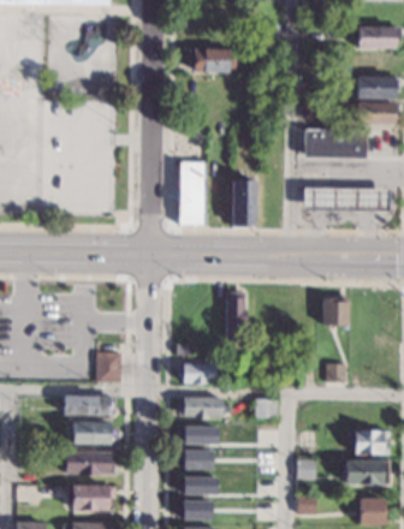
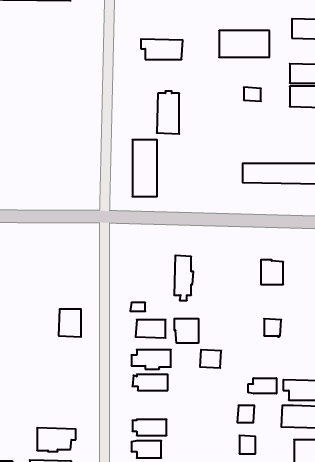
building: [310,132,367,162] -> [219,31,269,57]
building: [232,177,257,225] -> [157,91,179,134]
building: none -> [174,319,198,343]
building: [65,394,115,414] -> none
building: [73,421,119,444] -> none
building: none -> [248,378,276,394]
building: [179,448,213,468] -> none
building: [65,450,114,475] -> none

